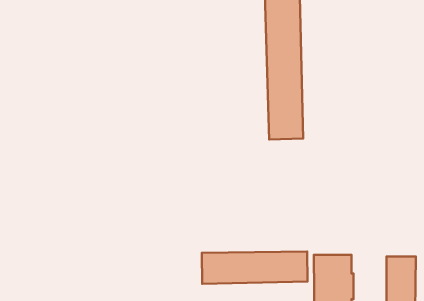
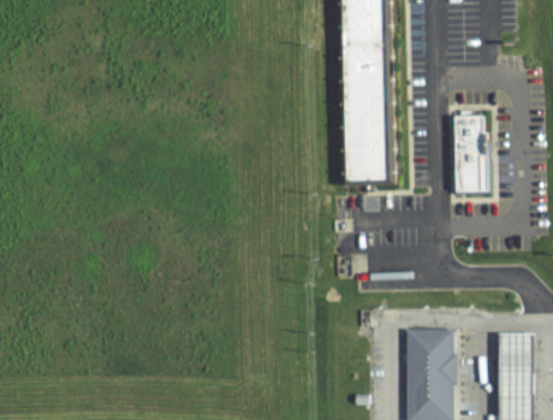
building: none -> [448,112,487,193]
building: [202,251,308,284] -> none

